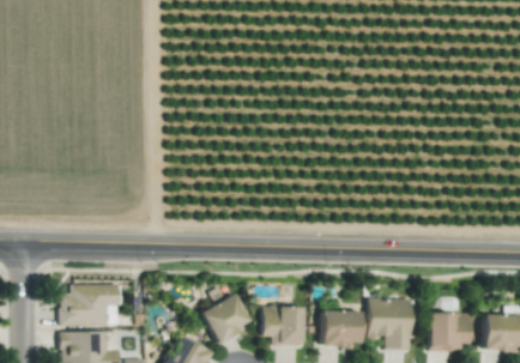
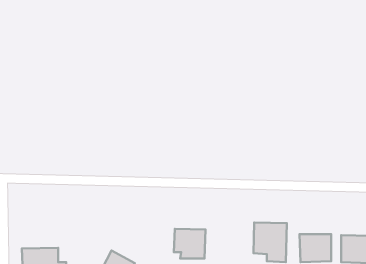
building: [61,284,120,326] -> none
building: [200,294,253,344] -> none
building: [322,310,362,346] -> none

